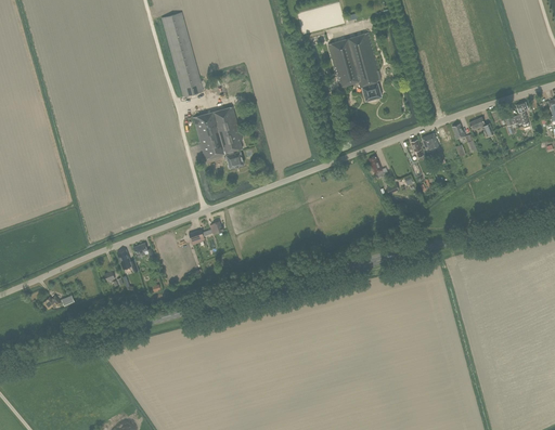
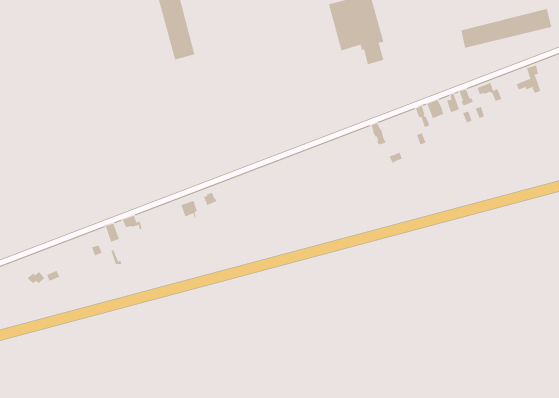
building: none -> [461,8,552,48]
building: [193,106,244,168] -> none

